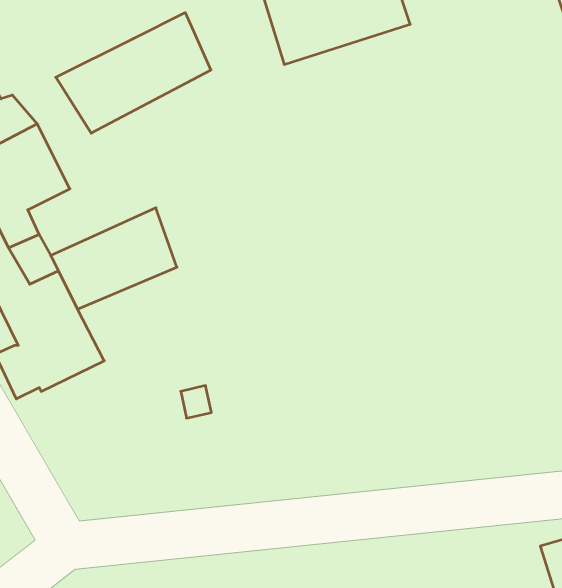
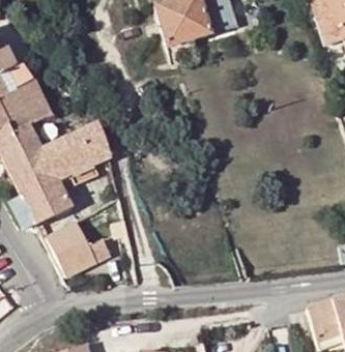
building: [56,13,211,133] -> none
building: none -> [46,221,111,276]

